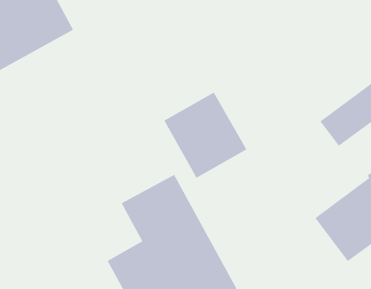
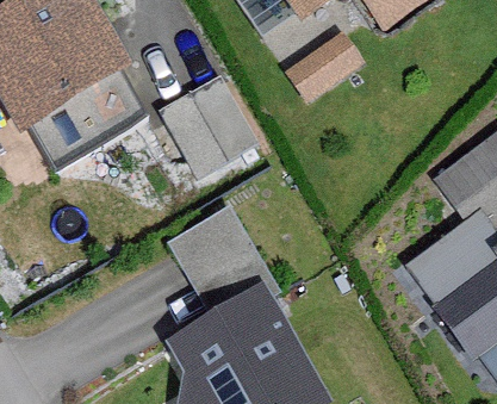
building: [164,92,247,178] -> [153,61,253,164]

